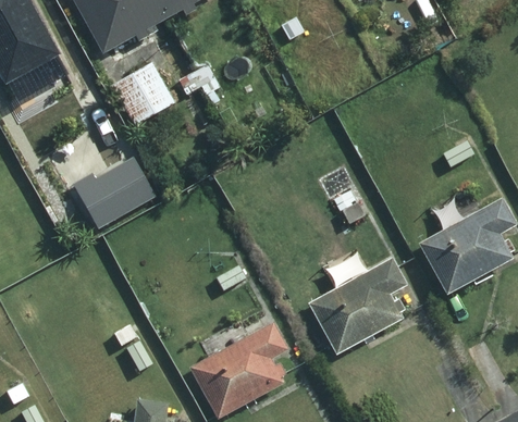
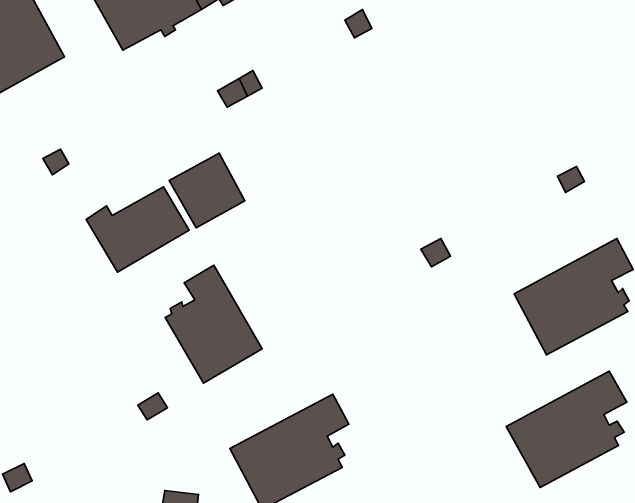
building: [113,63,174,123] -> [169,153,245,228]
building: none -> [165,265,262,383]
building: [309,260,406,353] -> [506,371,627,488]

